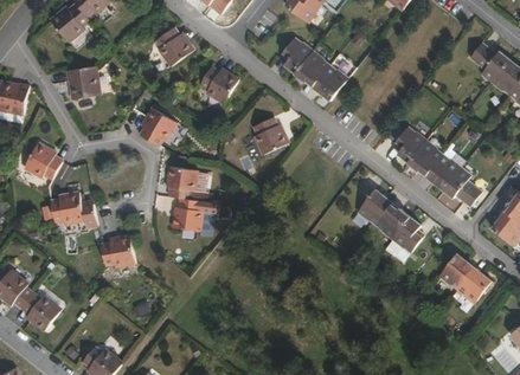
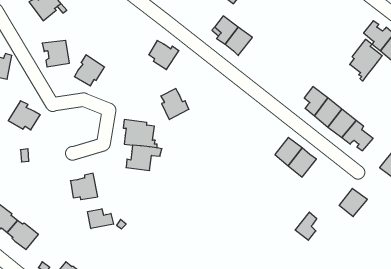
building: [156,27,194,65] -> none
building: [313,63,348,99] -> none
building: none -> [350,39,382,81]
building: [139,106,176,146] -> [74,55,105,86]
building: [252,118,288,157] -> [161,89,189,120]
building: [51,192,98,228] -> none
building: [393,215,421,251] -> [295,212,317,240]
building: [457,266,492,302] -> none
building: none -> [88,209,114,229]

